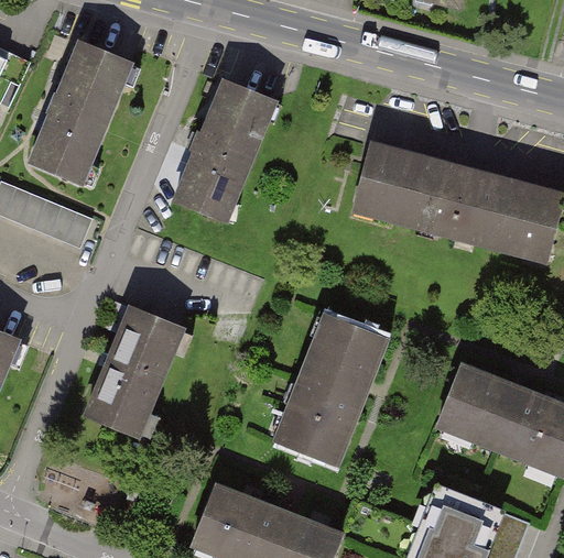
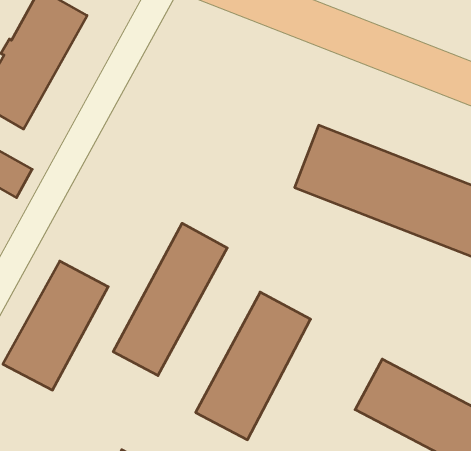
building: [176,83,274,222] -> none
building: none -> [113,223,227,376]

